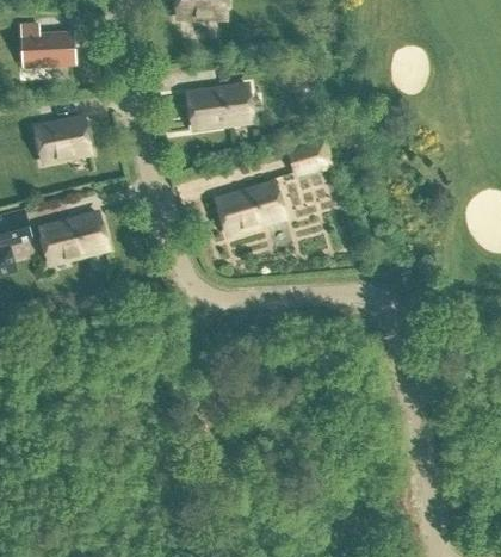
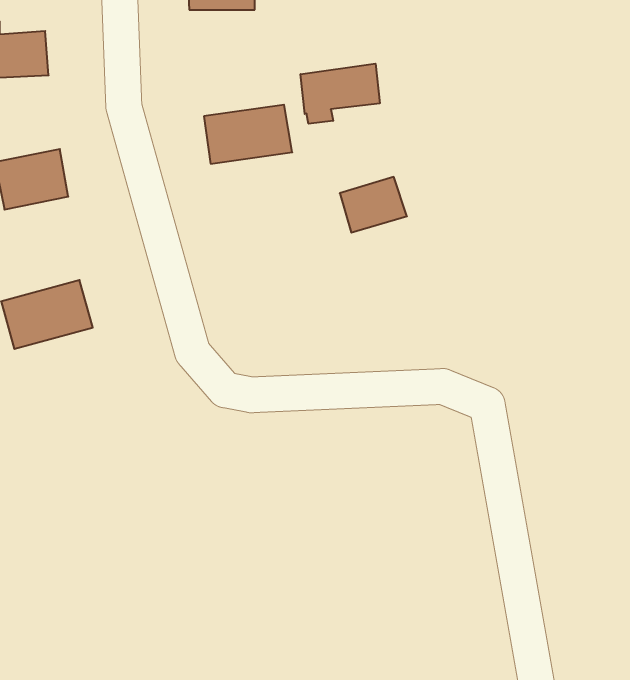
building: none -> [301,64,380,124]
building: [217,181,284,233] -> none

